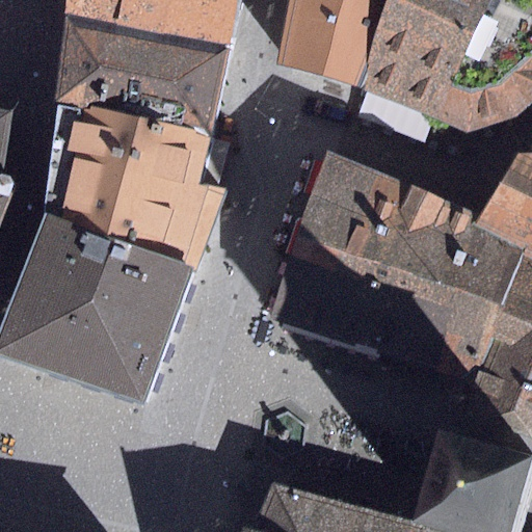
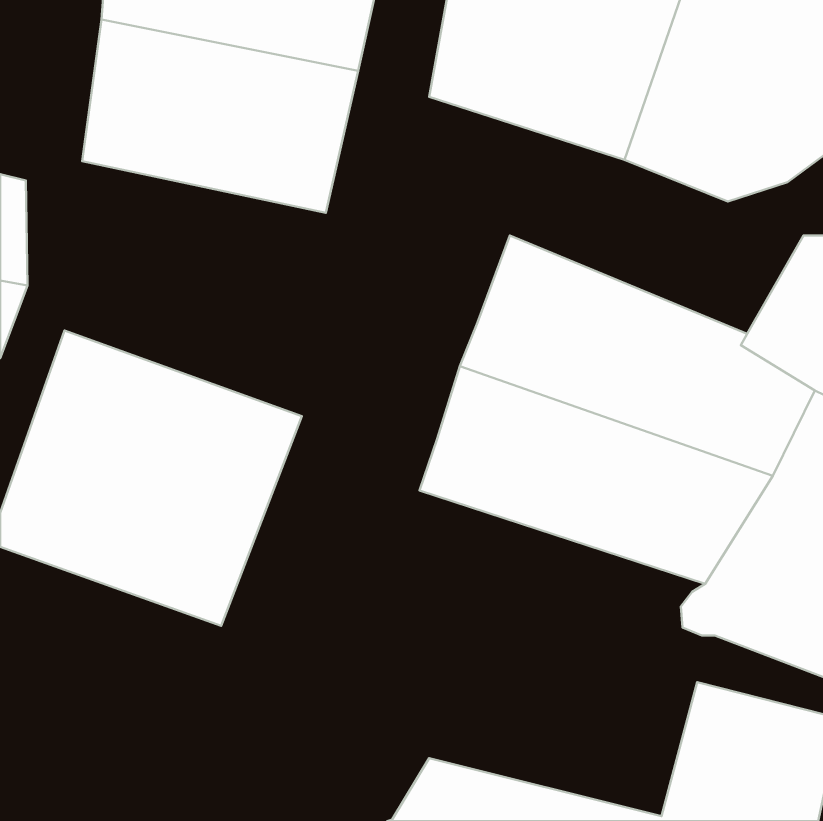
building: [43,104,224,268] -> none

